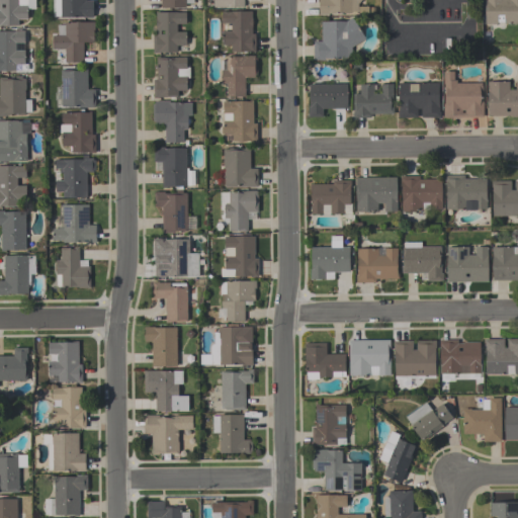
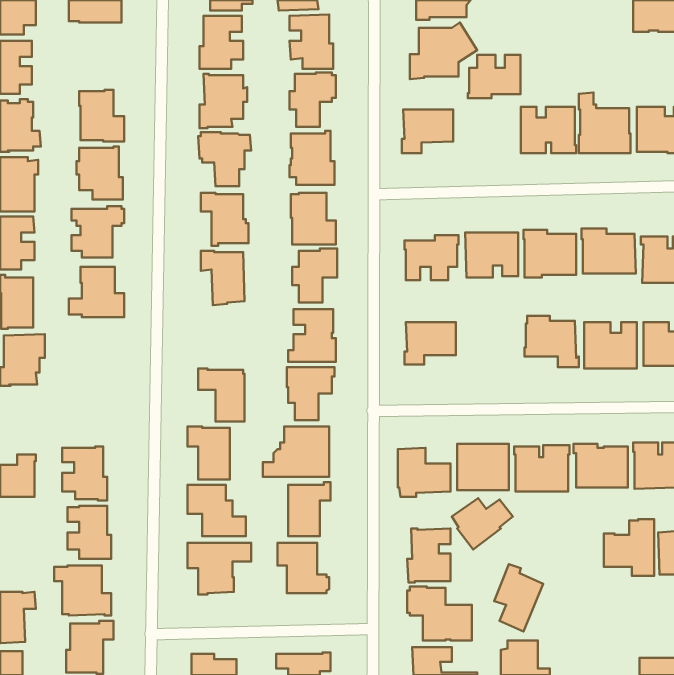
building: [53,22,95,63] -> none
building: [353,84,394,117] -> [468,55,521,98]
building: [155,239,199,278] -> none
building: [57,247,91,289] -> none
building: [358,249,400,282] -> none
building: [407,403,453,442] -> [452,498,513,550]

